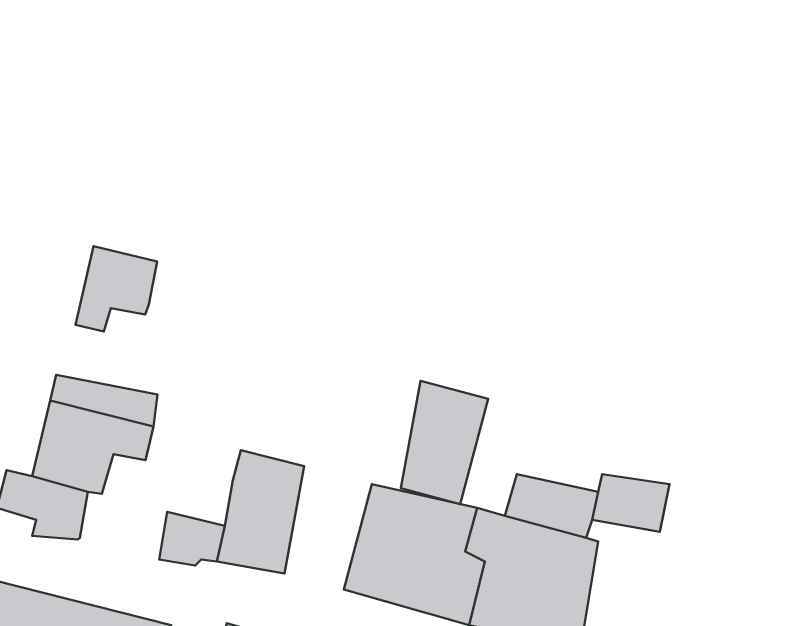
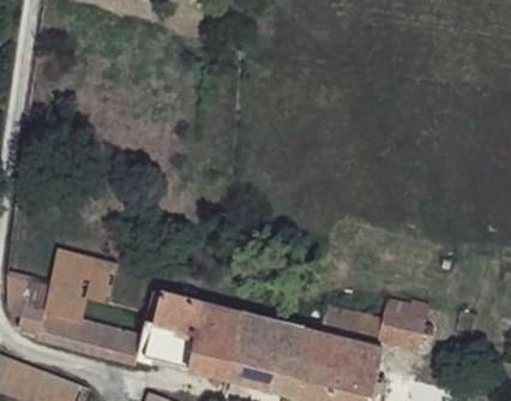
building: [76,246,157,332] -> none
building: [401,381,488,504] -> [191,303,244,377]
building: none -> [67,318,120,359]

